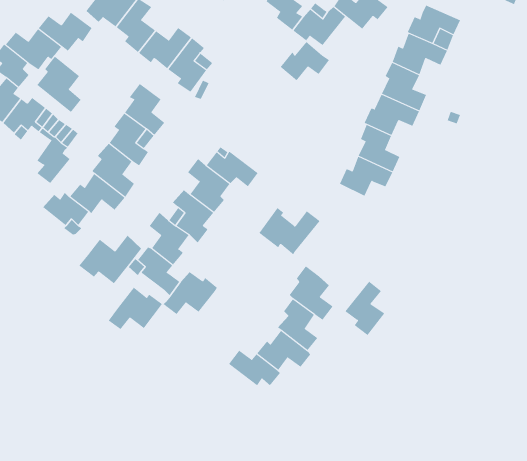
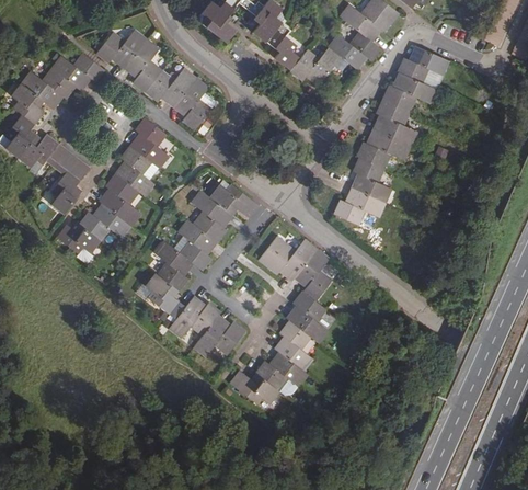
building: [280,41,330,81] -> none
building: [37,56,81,113] -> none
building: [78,235,142,284] -> none
building: [344,281,385,336] -> [294,249,332,300]
building: [108,287,163,330] -> [194,315,245,355]

